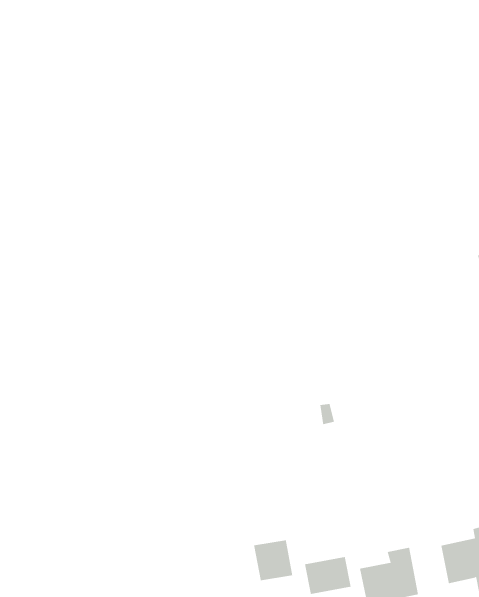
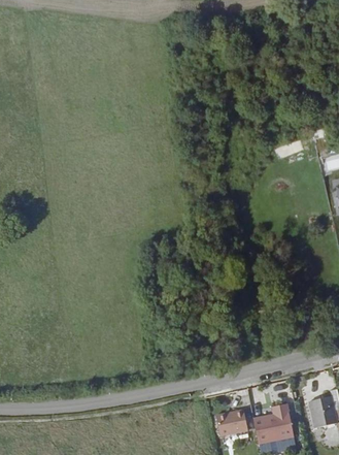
building: [254,539,293,581] -> none

